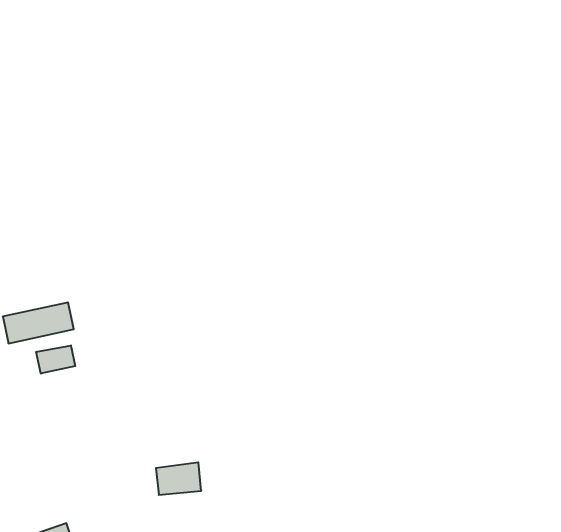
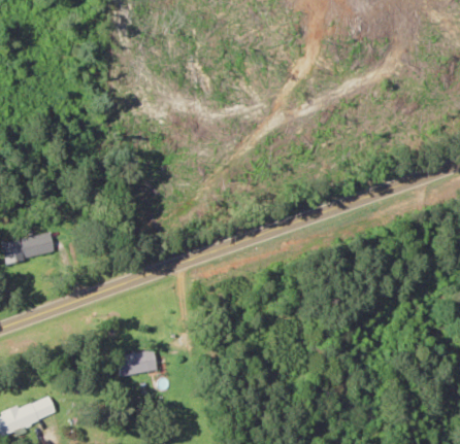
building: [36,345,75,374] -> none

